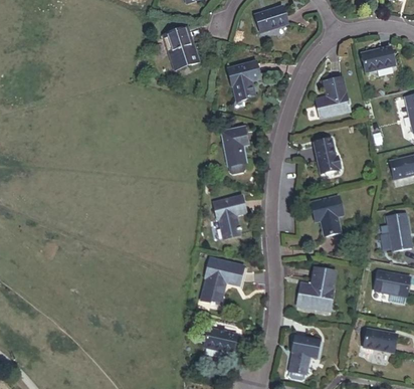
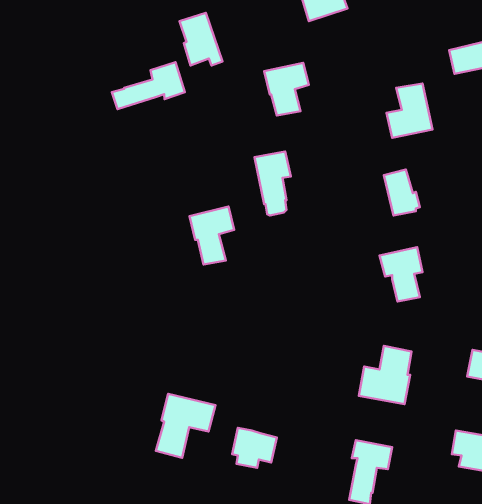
building: none -> [112,62,185,109]
building: [213,195,245,237] -> [190,206,234,265]
building: [201,257,244,304] -> [156,394,216,458]

